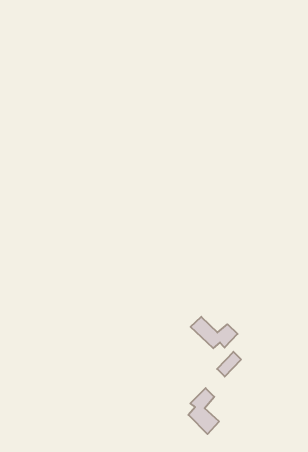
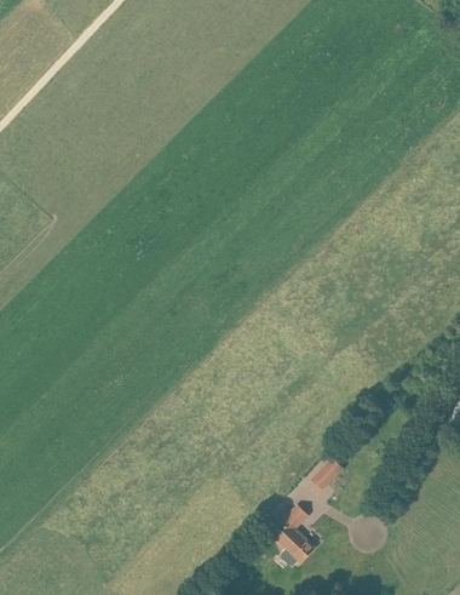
building: [191,317,238,348] -> none

